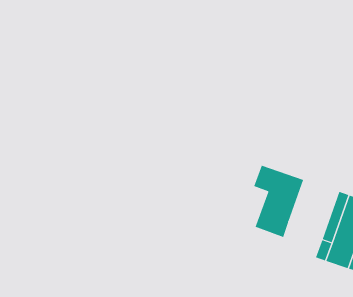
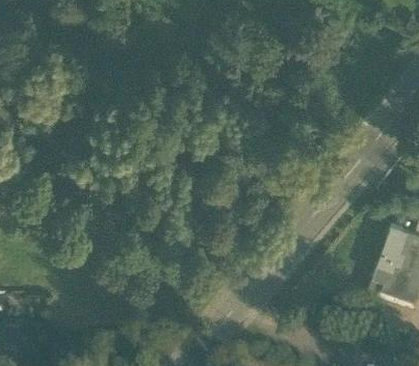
building: [253,165,304,238] -> none

